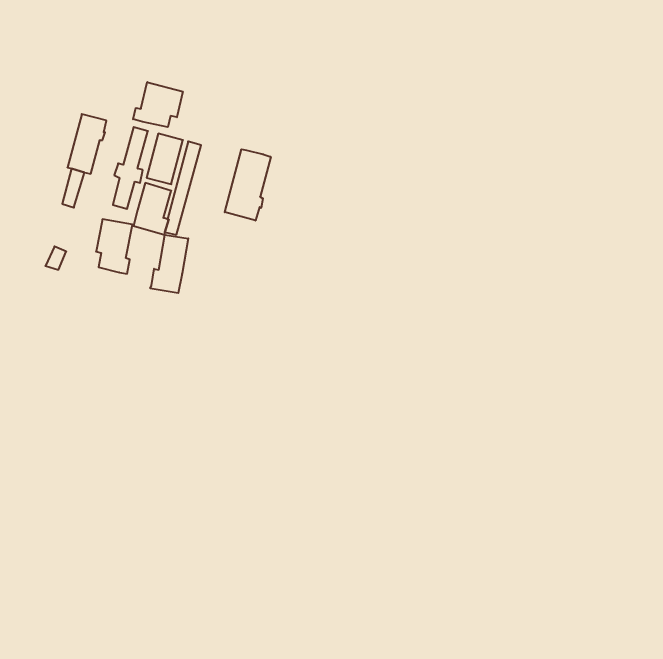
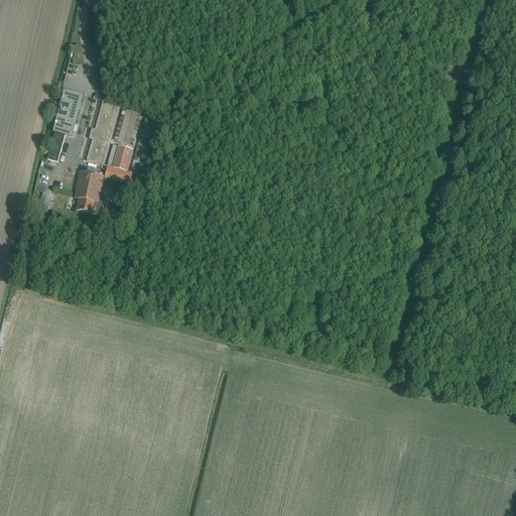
building: [133,82,183,127] -> none
building: [225,149,271,221] -> none
building: [150,235,188,293] -> none

